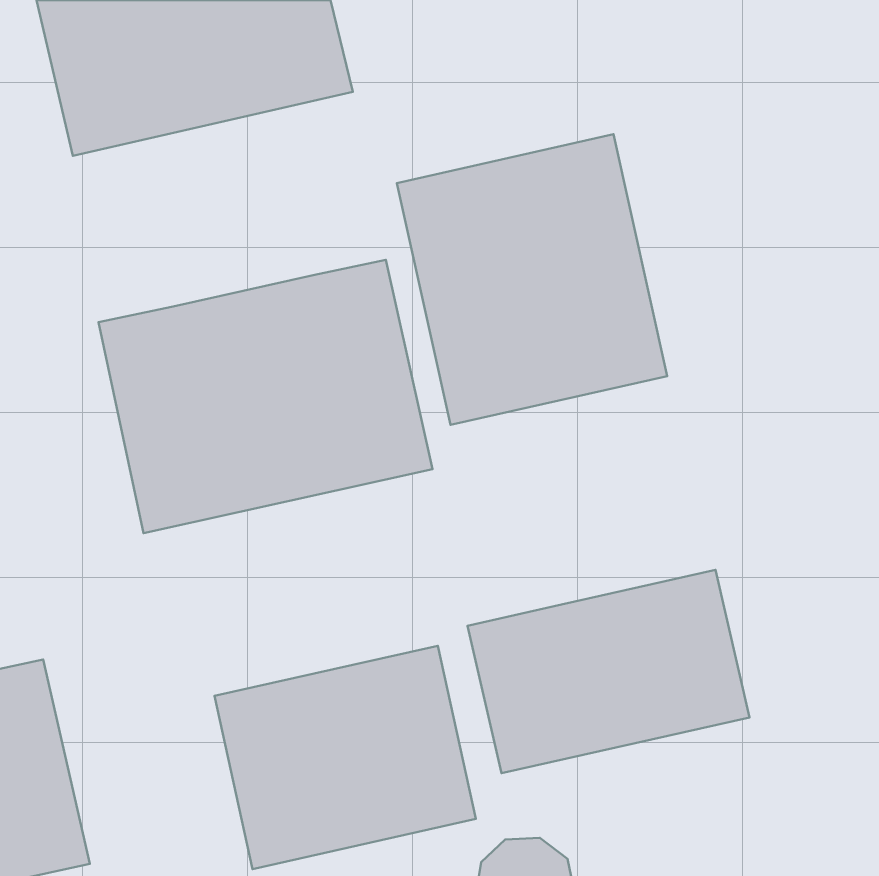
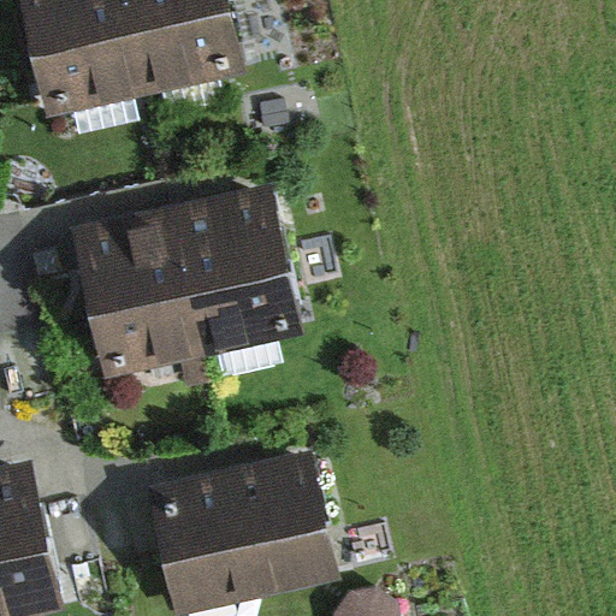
building: [397,134,667,425] -> none
building: [467,570,750,773] -> none

